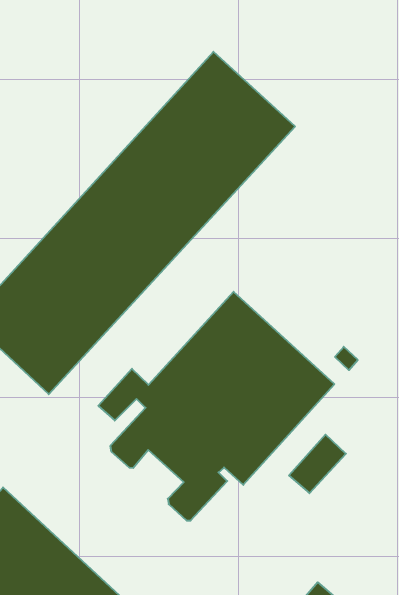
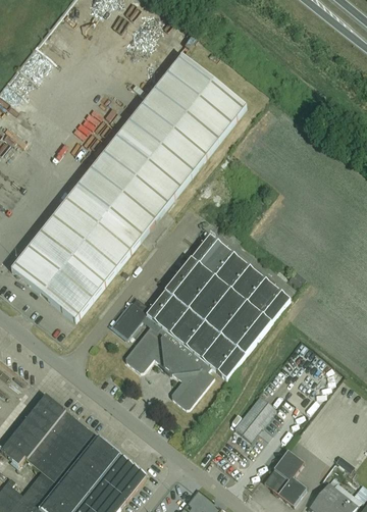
building: [289,435,346,493] -> [233,395,275,440]

